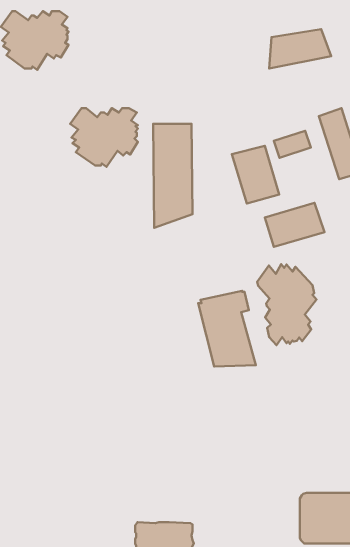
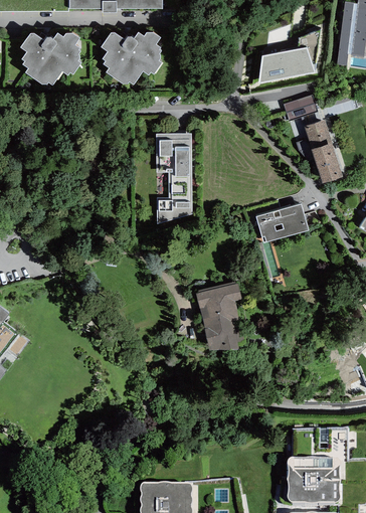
building: [70,108,138,167] -> [101,32,161,84]
building: [274,131,311,158] -> [284,95,317,119]
building: [232,146,279,204] -> none
building: [257,264,317,345] -> none

